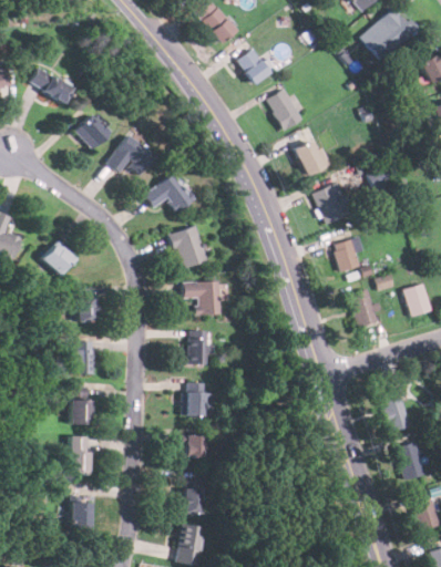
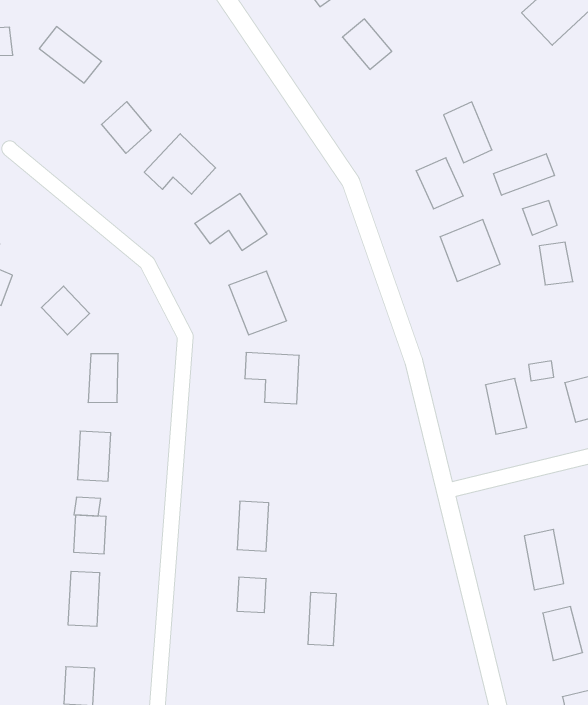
building: [267,89,301,131] -> [444,102,492,163]
building: none -> [493,154,554,195]
building: [335,240,359,270] -> [539,242,573,285]
building: [188,330,209,364] -> none
building: [184,480,202,515] -> [308,592,336,646]

